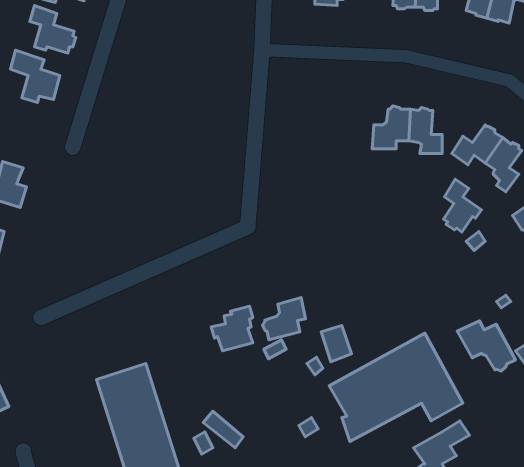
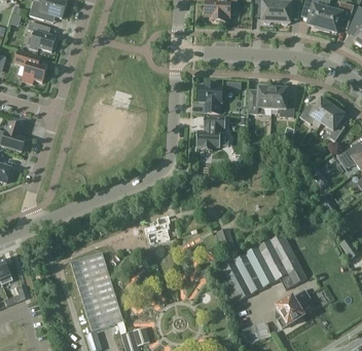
building: none -> [198,83,221,112]
building: none -> [196,116,225,150]
building: [443,179,481,232] -> none
building: [262,298,305,340] -> none
building: [457,321,516,371] -> none

